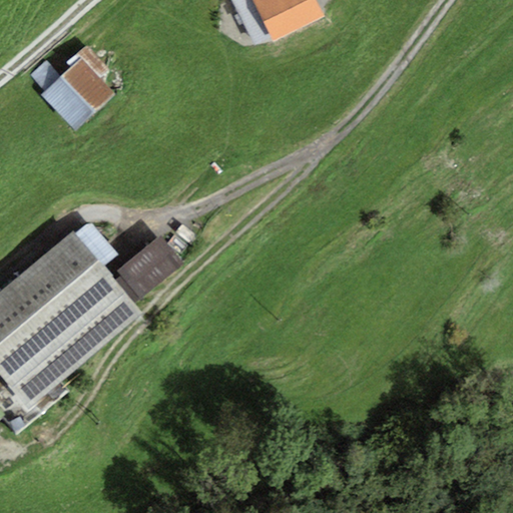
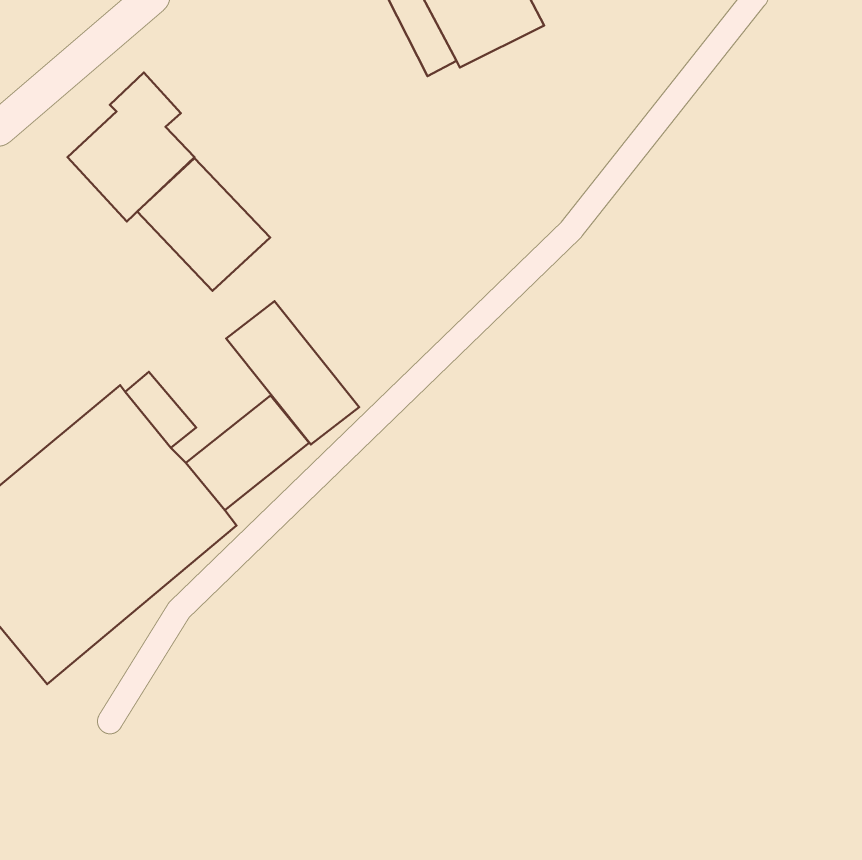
building: none -> [137,158,270,291]
building: none -> [226,301,359,444]

